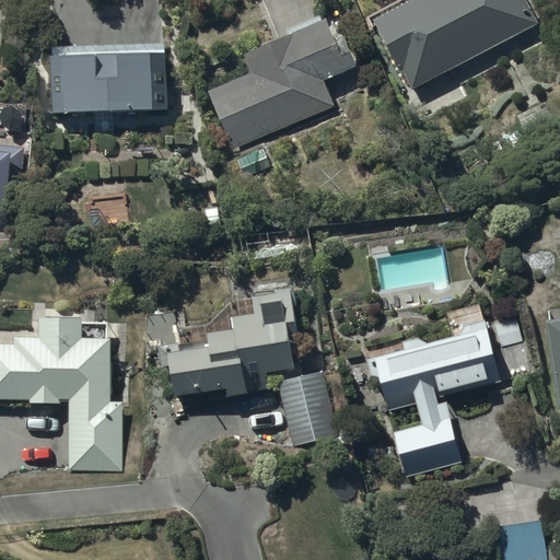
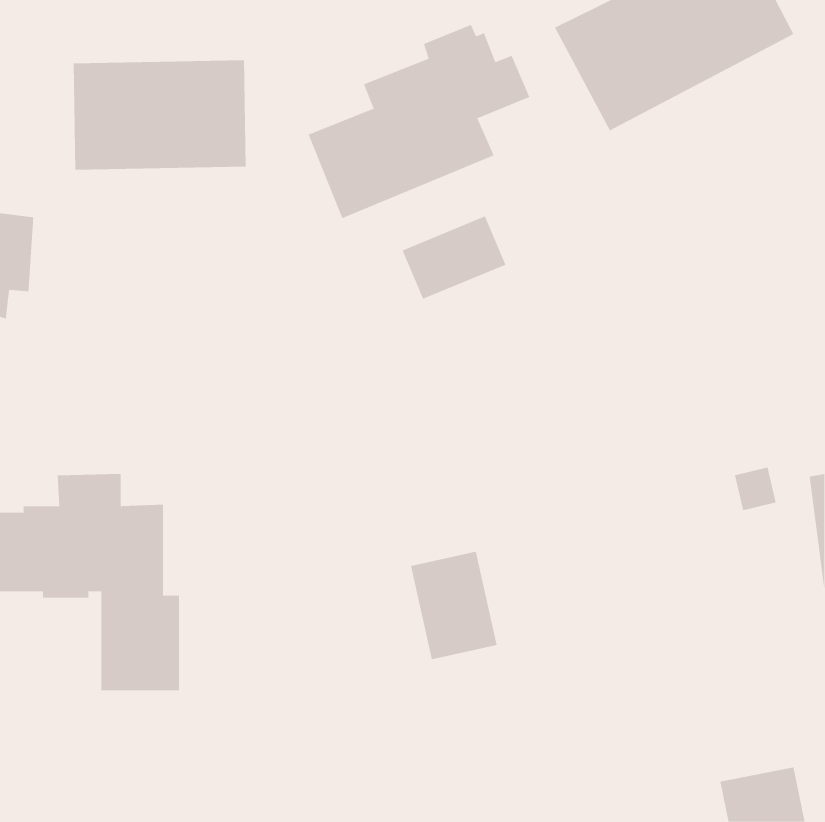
building: none -> [402,216,506,300]
building: [168,290,299,397] -> none
building: [364,322,499,474] -> none

